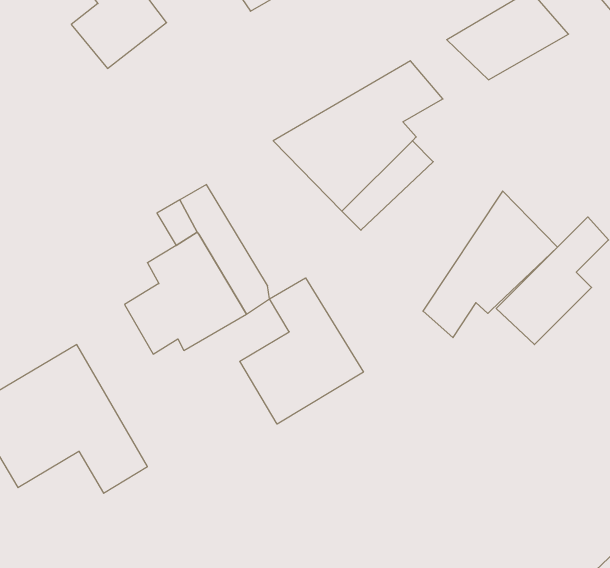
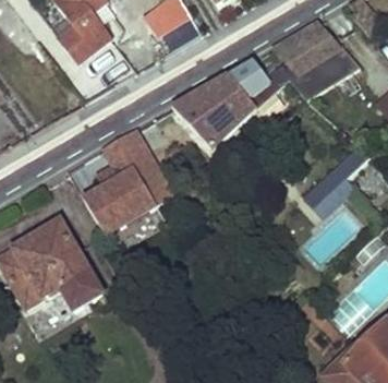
building: none -> [295,44,357,89]
building: [423,191,557,338] -> none
building: [240,278,363,424] -> none

